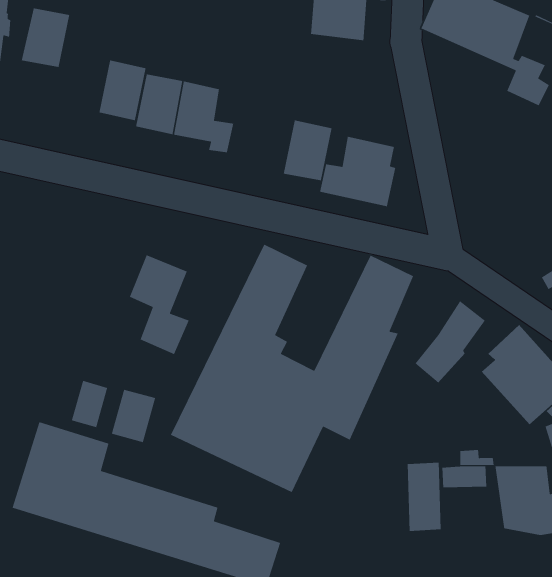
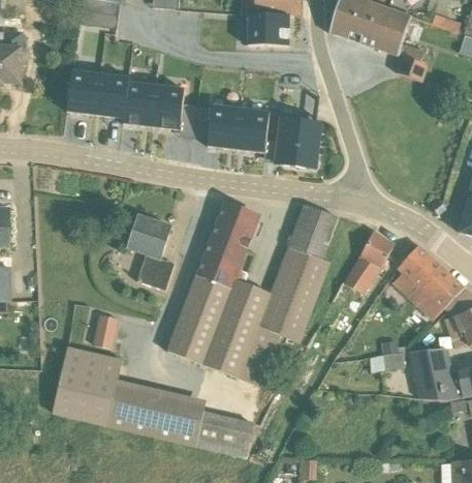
building: [21,7,70,68] -> [65,69,99,113]
building: none -> [192,103,240,148]
building: [111,389,156,443] -> none
building: [407,462,441,532] -> none

